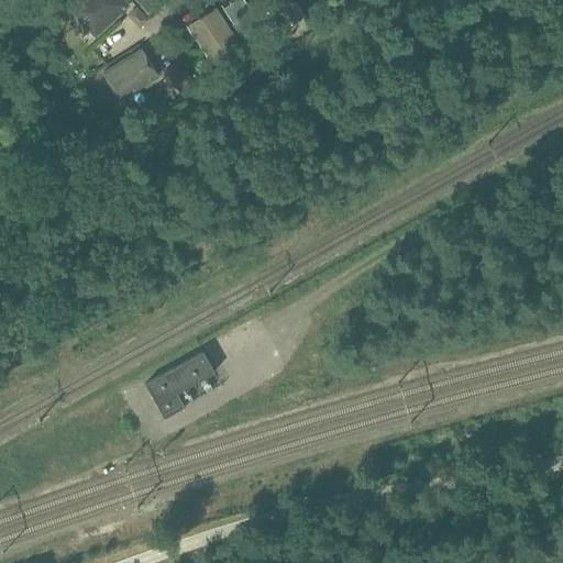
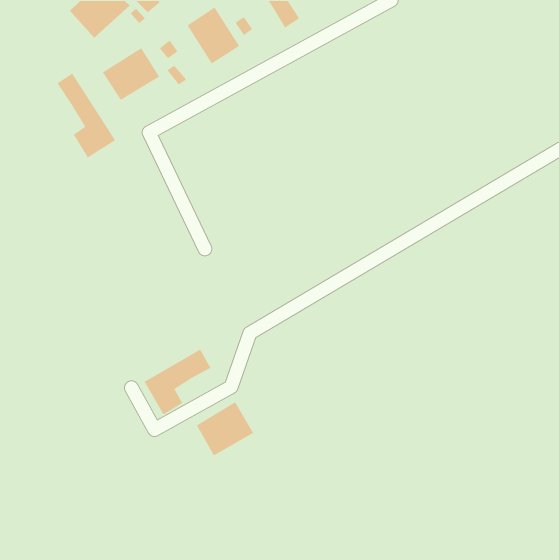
building: none -> [56,72,116,159]
building: none -> [196,401,254,457]

